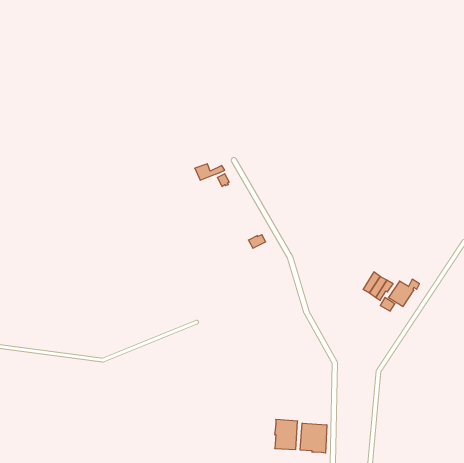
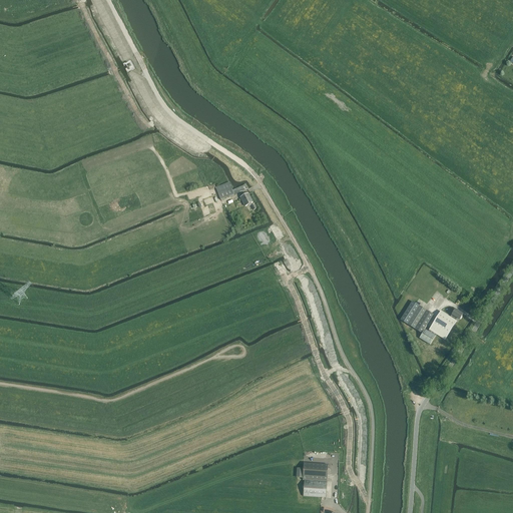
building: [300,423,327,453] -> none

